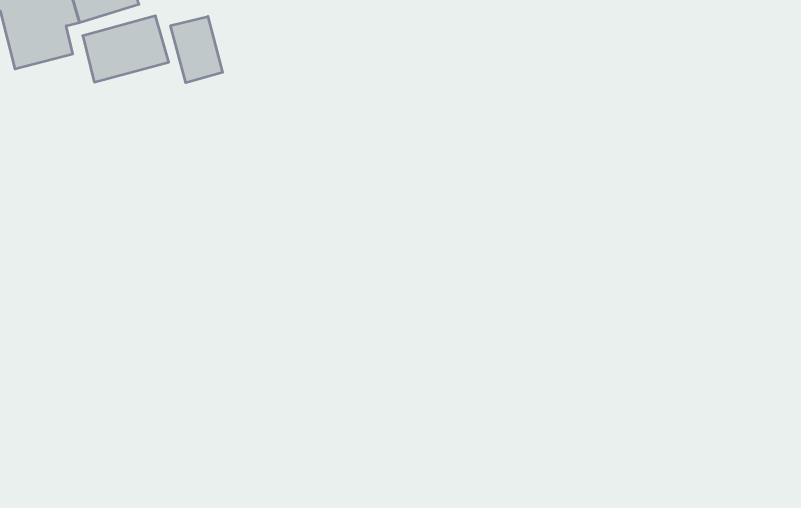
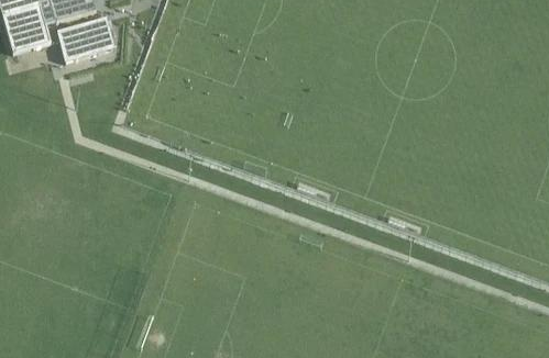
building: [171,16,223,83] -> none

